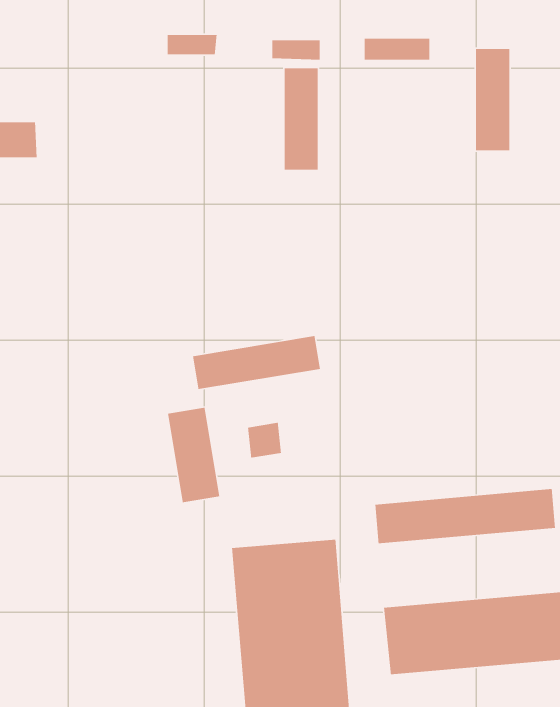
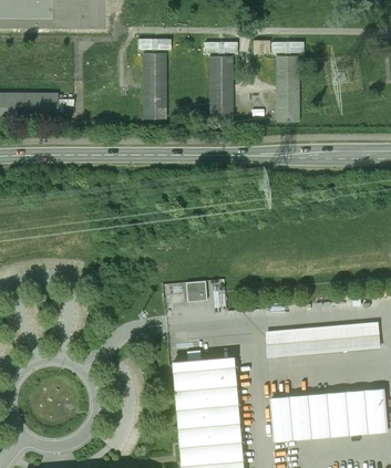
building: [475,48,510,151] -> [275,55,297,121]
building: none -> [141,53,163,117]
building: [192,335,321,390] -> none
building: [167,407,220,503] -> none

